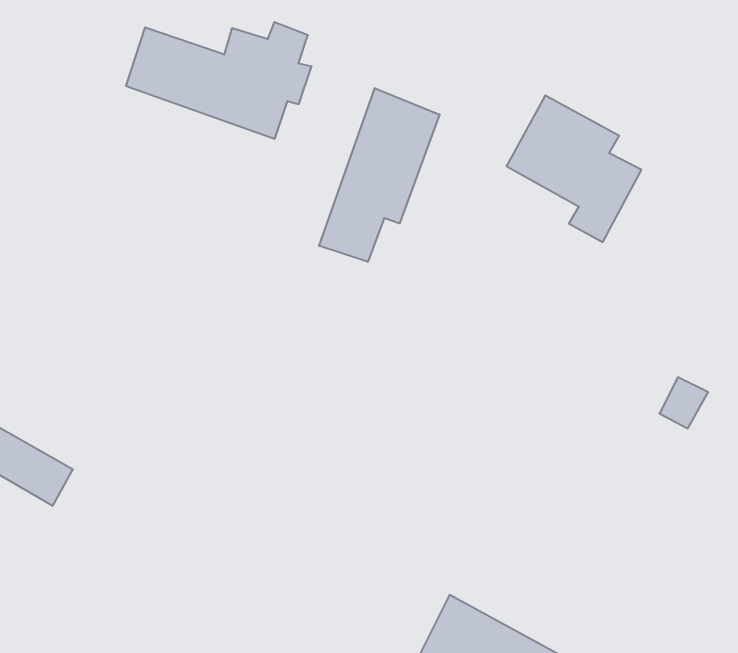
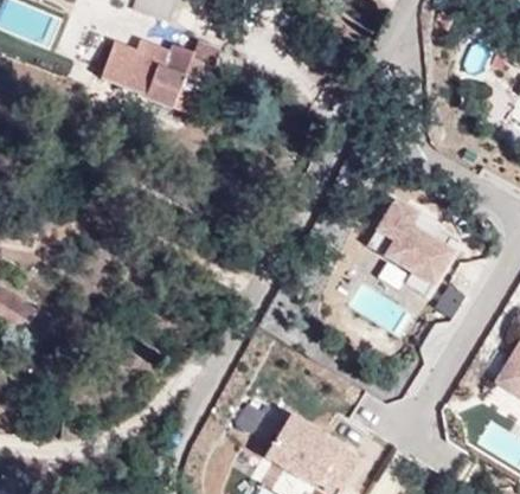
building: [319,88,440,262] -> none
building: [506,96,641,242] -> [368,200,455,296]

